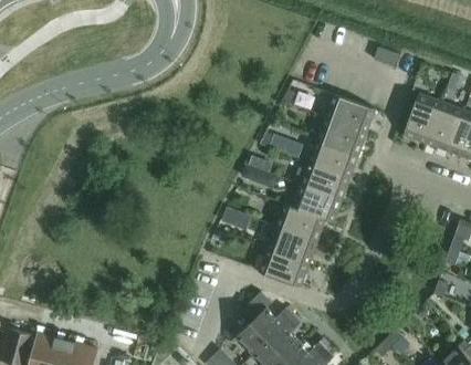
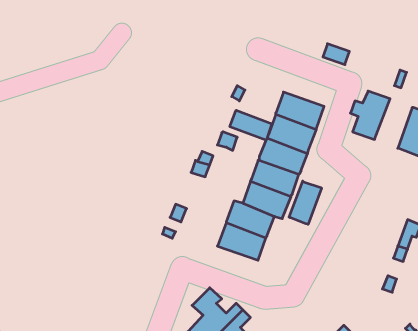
building: [427,102,464,152] -> none
building: none -> [230,110,272,140]
building: none -> [289,181,322,224]
building: [260,250,310,288] -> none

